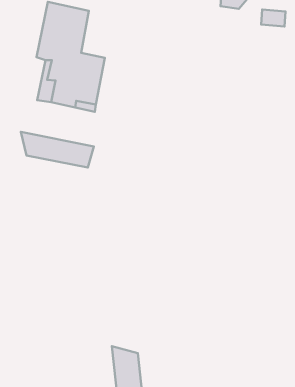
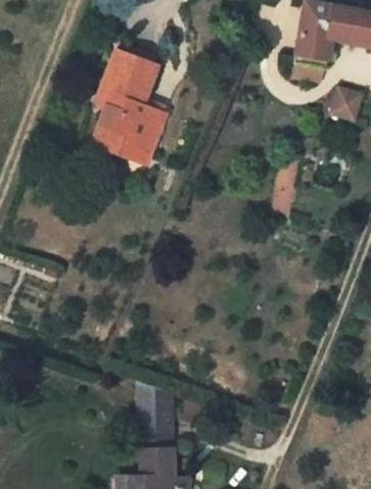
building: [21,132,94,167] -> none

